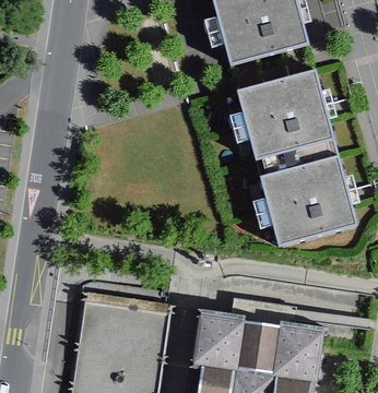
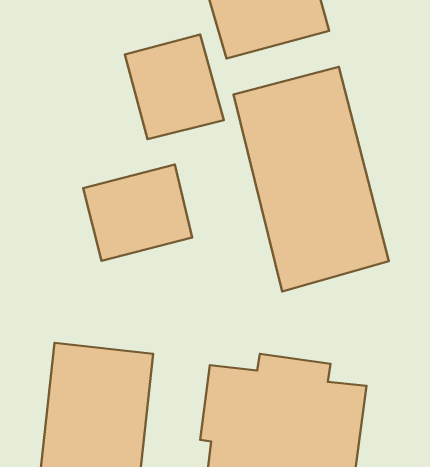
building: none -> [125,34,224,139]
building: none -> [83,164,192,261]

